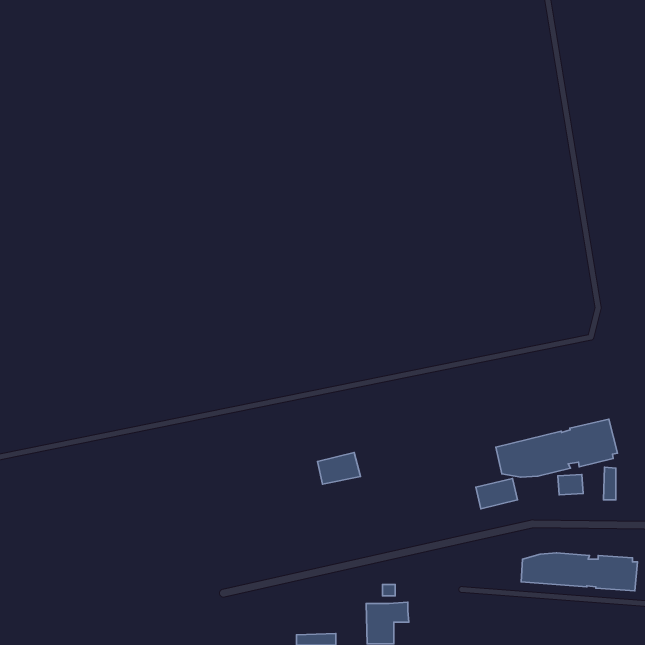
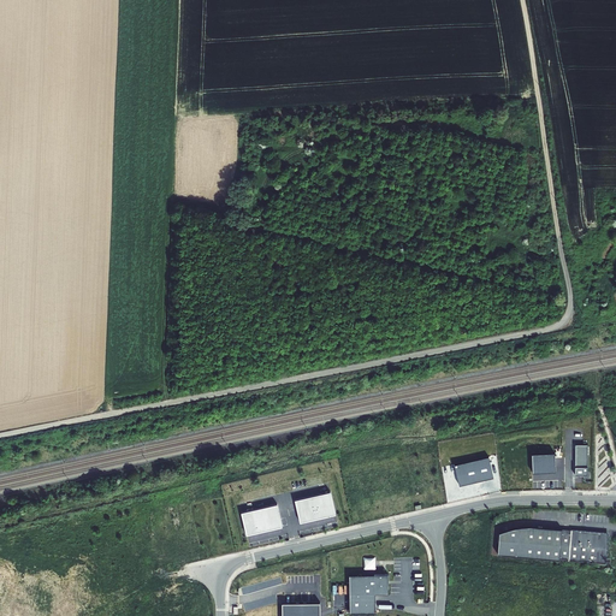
building: [496,419,618,477] -> none
building: [318,453,361,484] -> [296,492,337,522]
building: none -> [242,504,283,535]

